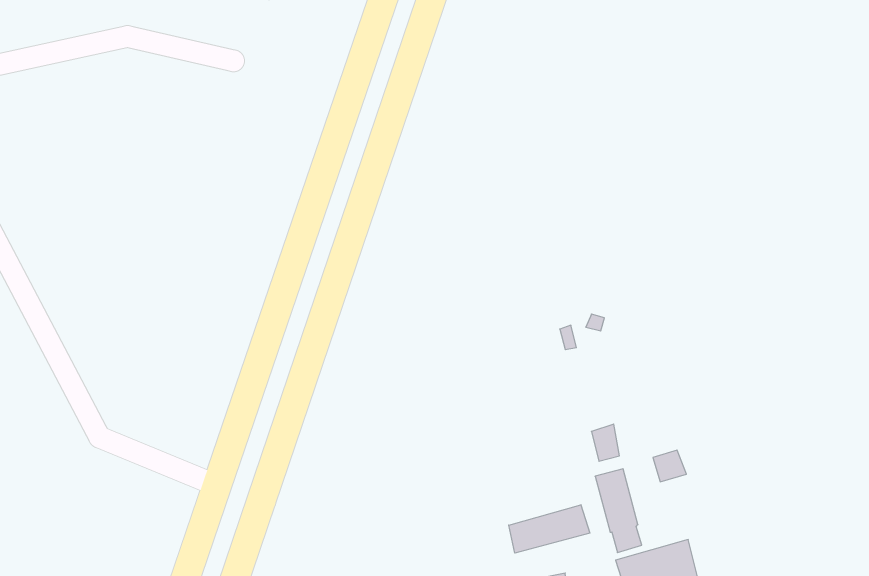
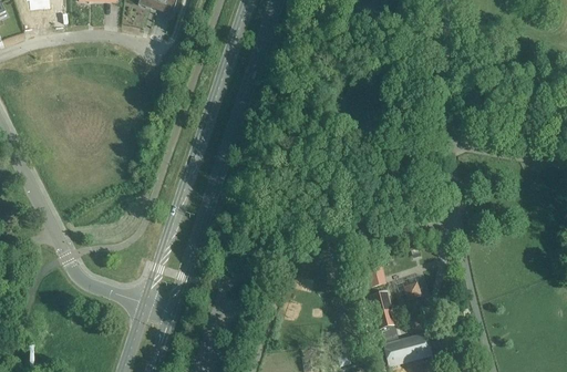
building: [509,505,590,553] -> none

